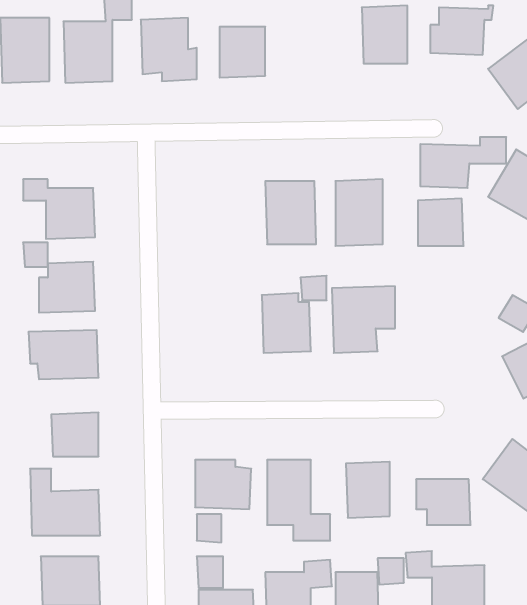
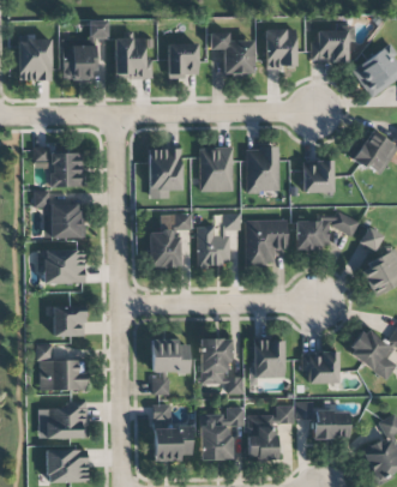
building: none -> [210,31,254,73]
building: [420,137,506,188] -> [296,214,355,248]
building: none -> [149,148,182,198]
building: none -> [150,214,192,266]

